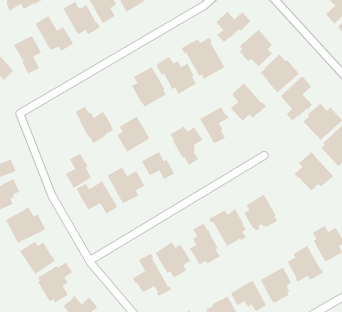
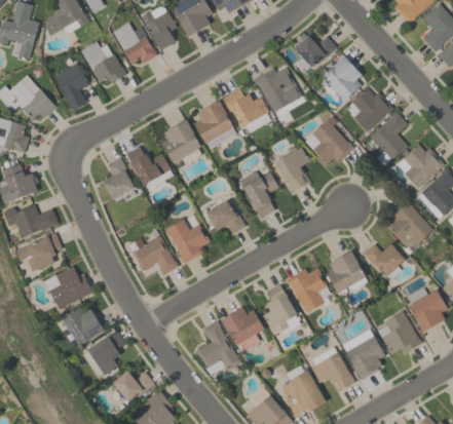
building: [116,116,150,153] -> [161,120,201,163]
building: [65,153,92,189] -> [103,158,135,200]
building: none -> [364,243,405,275]

